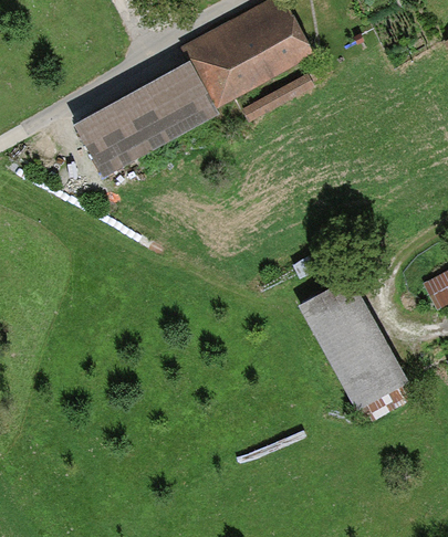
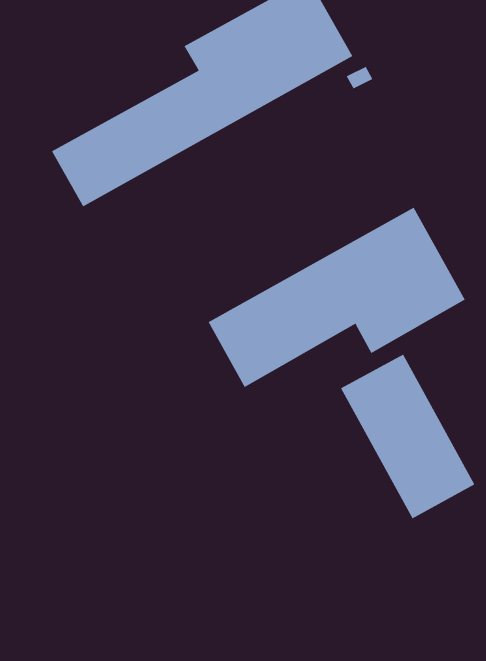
building: none -> [208,207,466,388]

